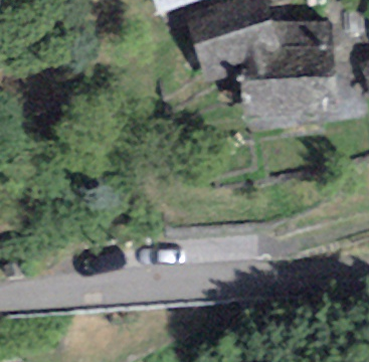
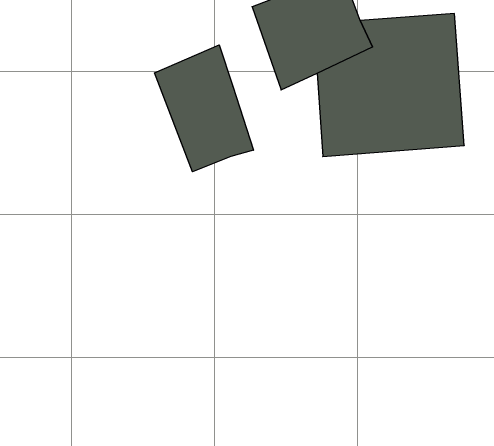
building: none -> [155,45,253,172]

